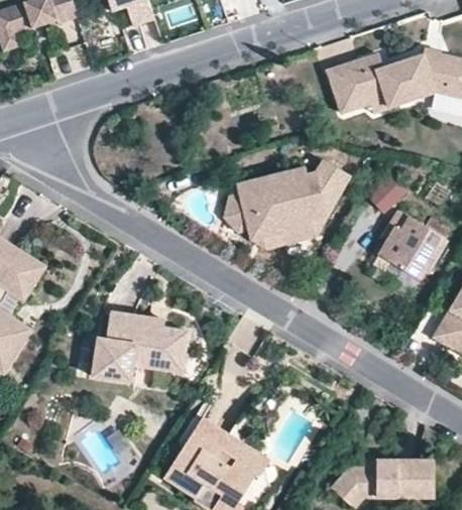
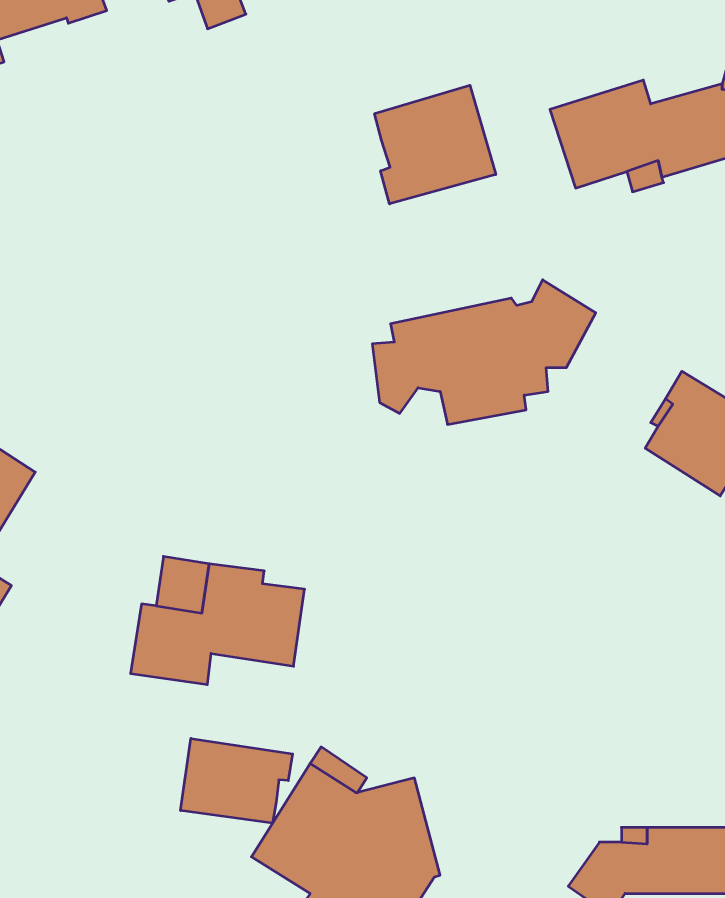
building: none -> [375,85,496,204]
building: [366,174,406,215] -> none
building: [241,219,323,247] -> none
building: none -> [181,738,293,823]

